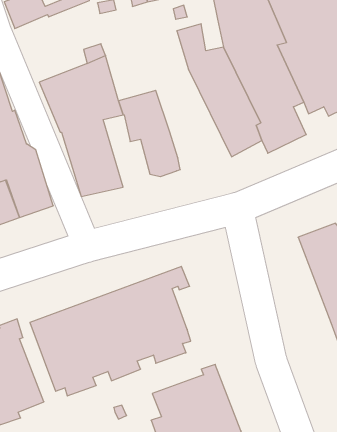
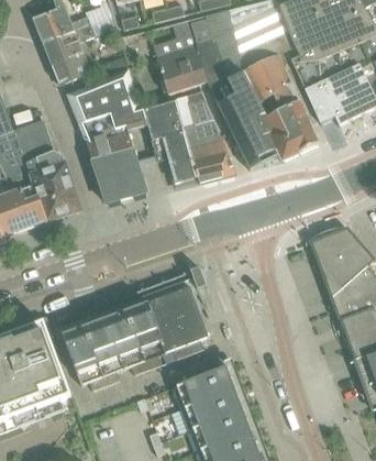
building: none -> [153,20,207,92]
building: none -> [43,24,96,84]
building: none -> [175,89,234,182]

